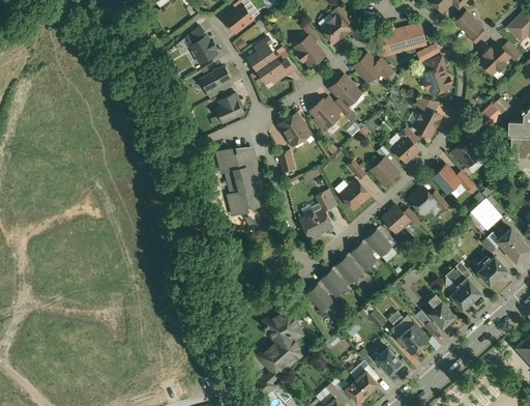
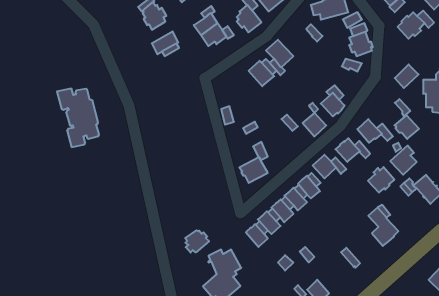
building: [355,54,383,82] -> none
building: [216,93,243,123] -> none
building: [415,108,441,138] -> none
building: [279,114,311,145] -> none
building: [453,140,481,167] -> [394,115,419,139]
building: [216,149,264,215] -> [57,89,99,147]
building: [341,181,370,209] -> none
building: [477,256,507,285] -> [368,167,394,193]
building: none -> [185,230,209,253]
building: [428,295,453,326] -> none
building: [391,316,429,354] -> none

